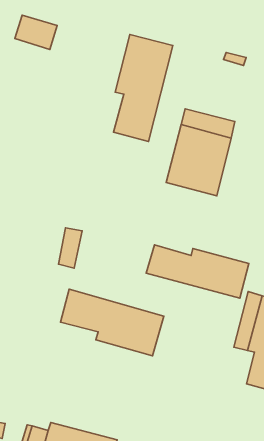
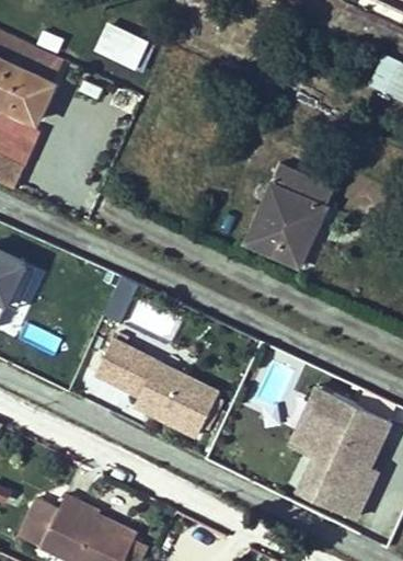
building: [113,34,173,142] -> none
building: [146,245,249,298] -> none

